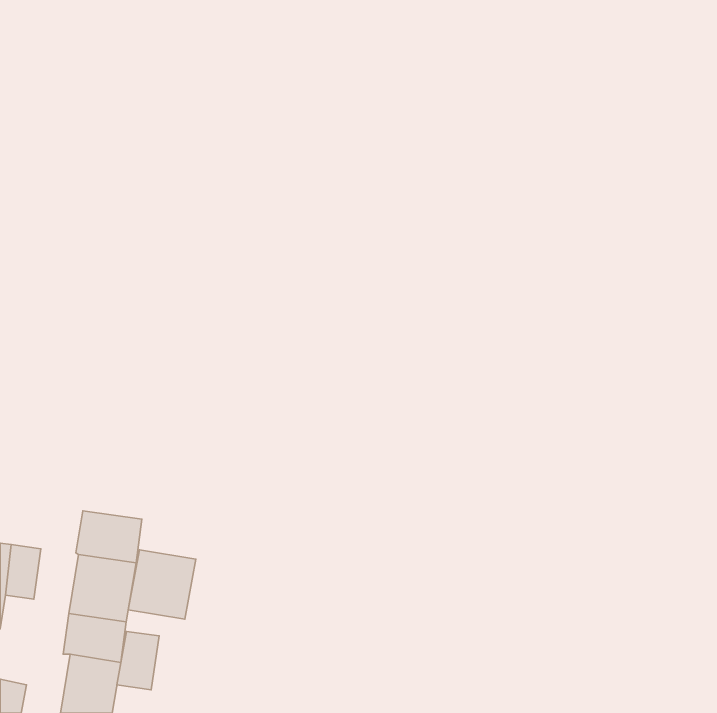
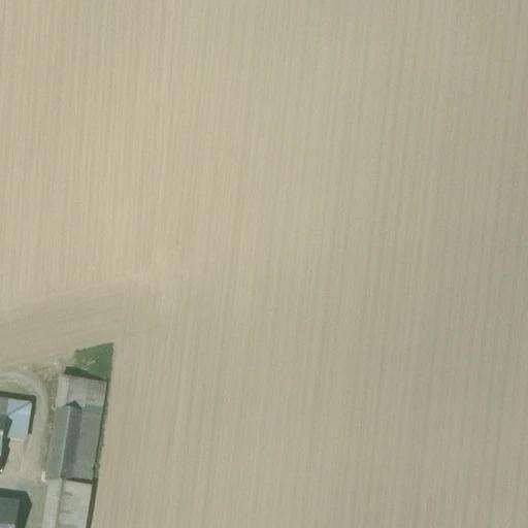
building: [128,550,196,619] -> none
building: [117,631,159,690] -> none

